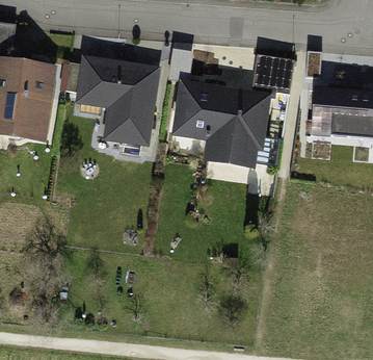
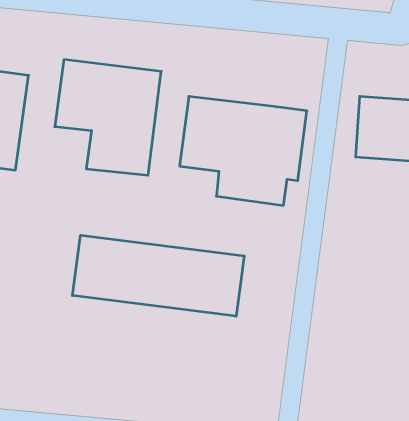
building: [250,54,291,95] -> none
building: none -> [72,235,244,316]

